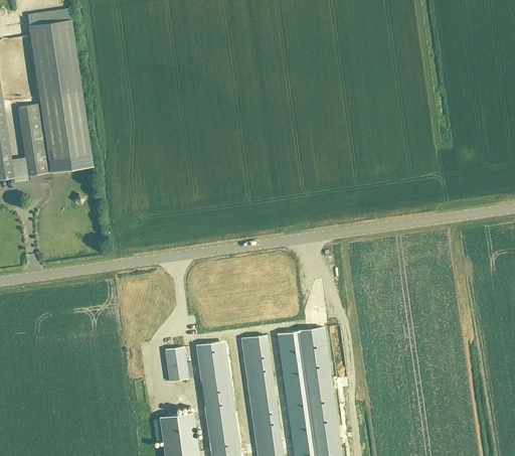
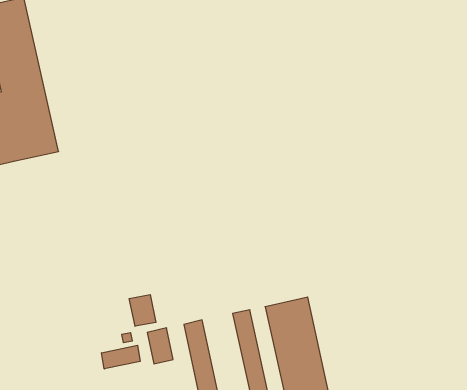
building: none -> [129,295,156,326]
building: none -> [102,345,140,369]

